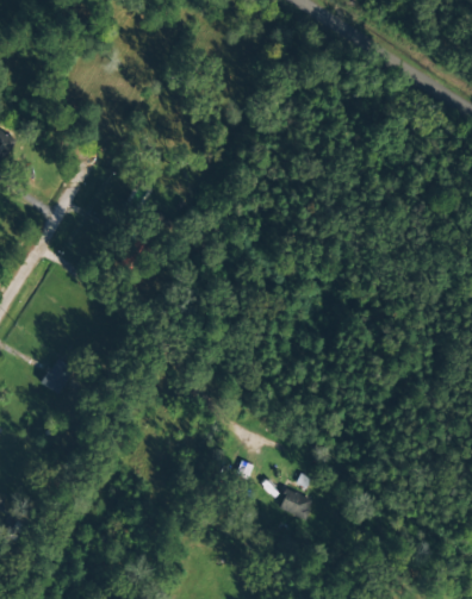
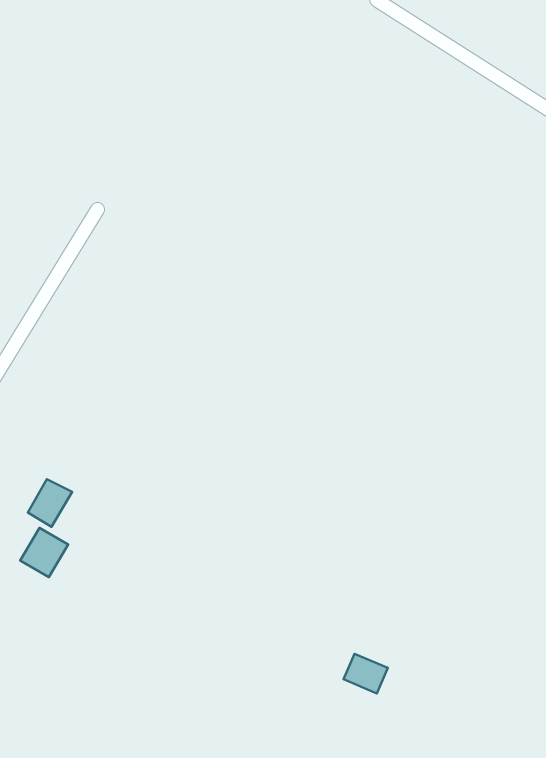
building: none -> [20,528,68,577]

